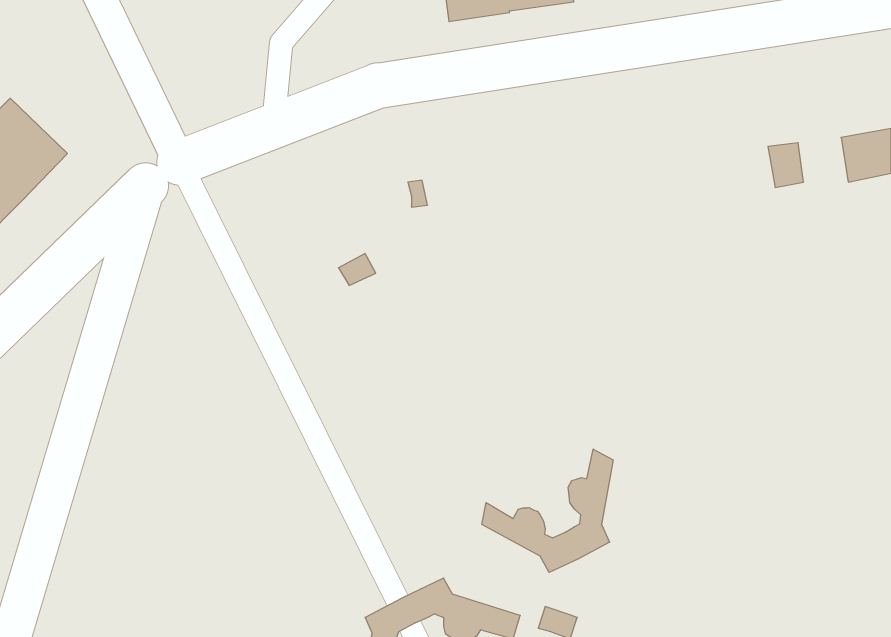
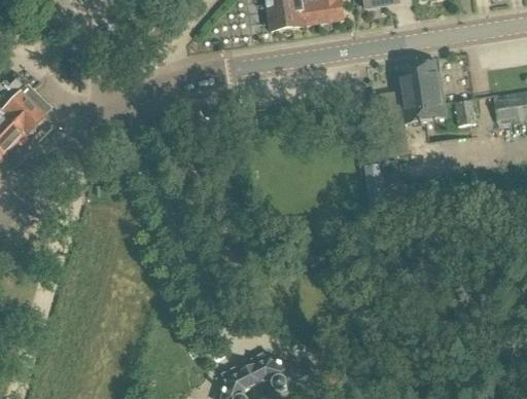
building: none -> [397,62,447,122]
building: [482,449,613,572] -> none

